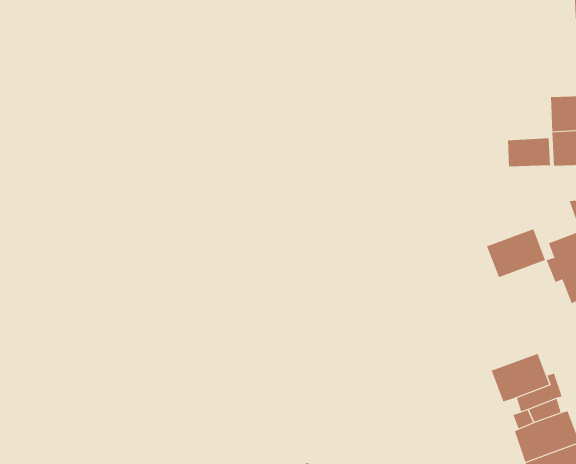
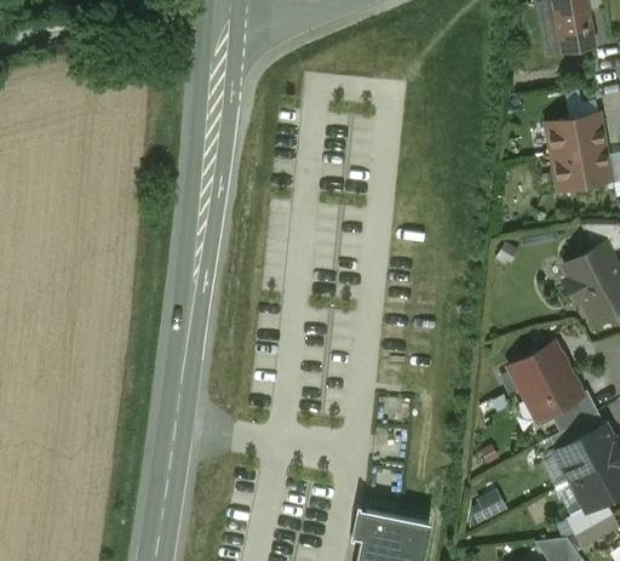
building: [508,138,550,167] -> none
building: [486,229,546,278] -> [509,344,568,396]

